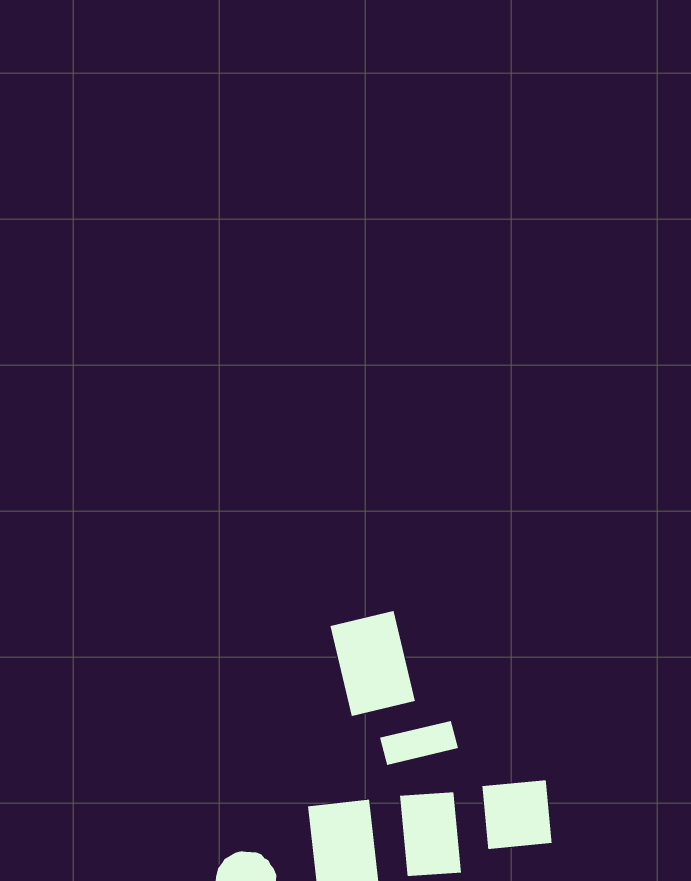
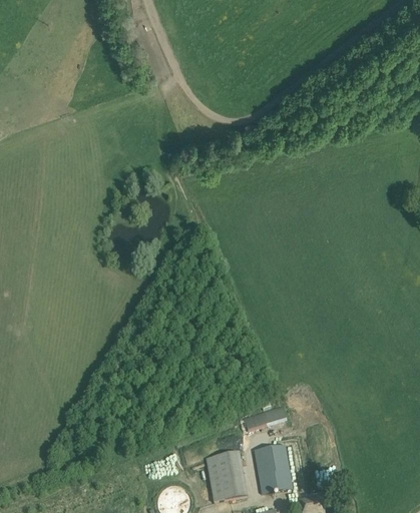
building: [330,610,416,717] -> none
building: [482,779,552,850] -> none

